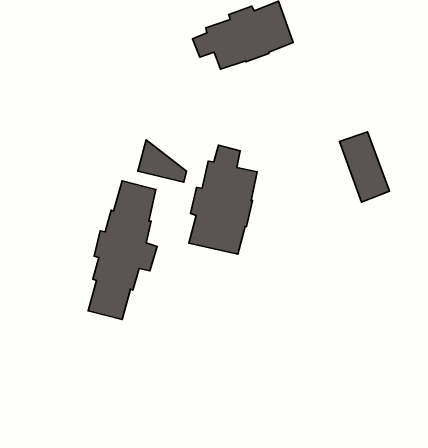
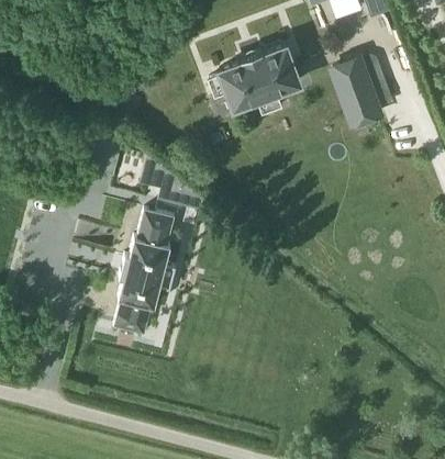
building: [340,132,389,202] -> [333,63,378,126]
building: [189,145,257,254] -> none

